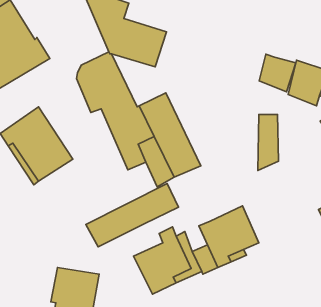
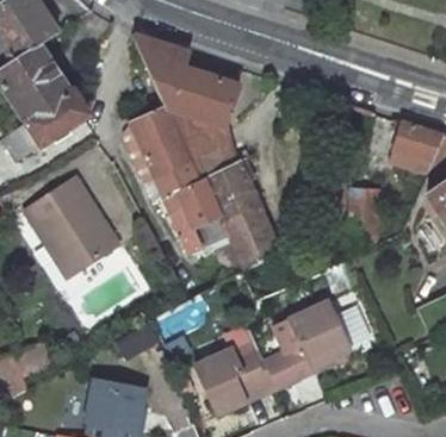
building: none -> [167,111,235,177]
building: [259,54,296,92] -> none
building: [86,184,178,247] -> none

